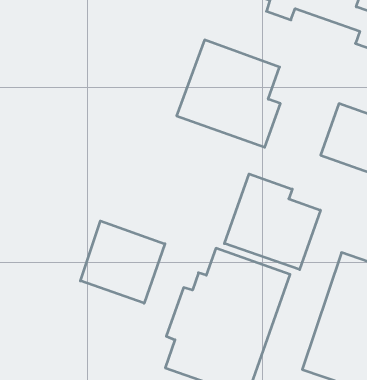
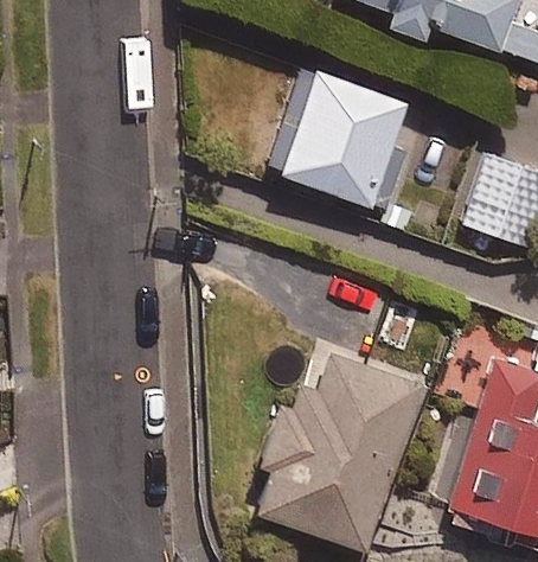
building: [224,174,320,270] -> none
building: [80,221,165,303] -> none

